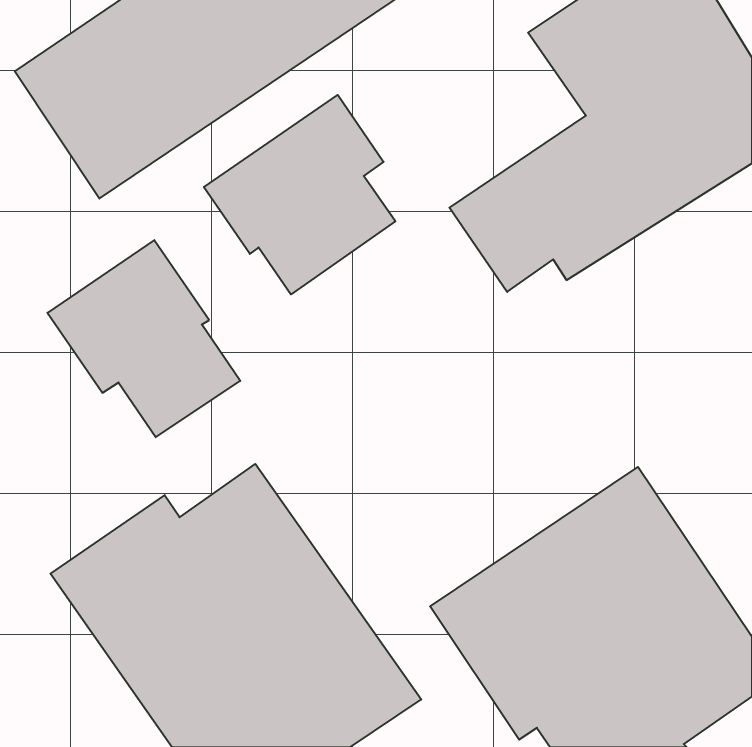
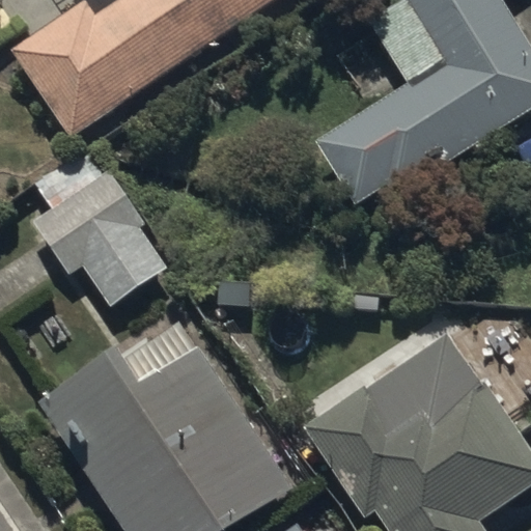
building: [204,95,395,294] -> none

